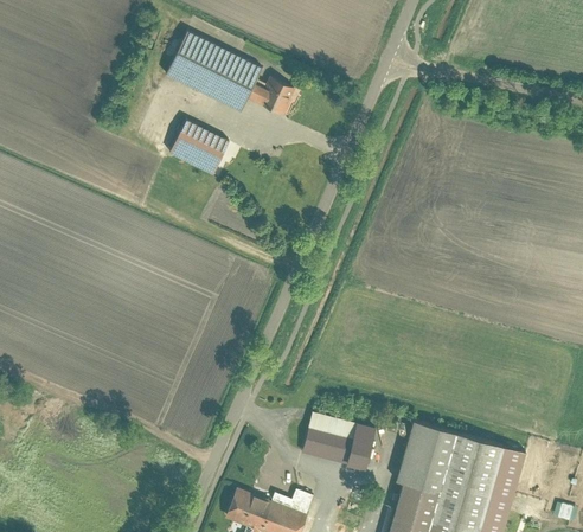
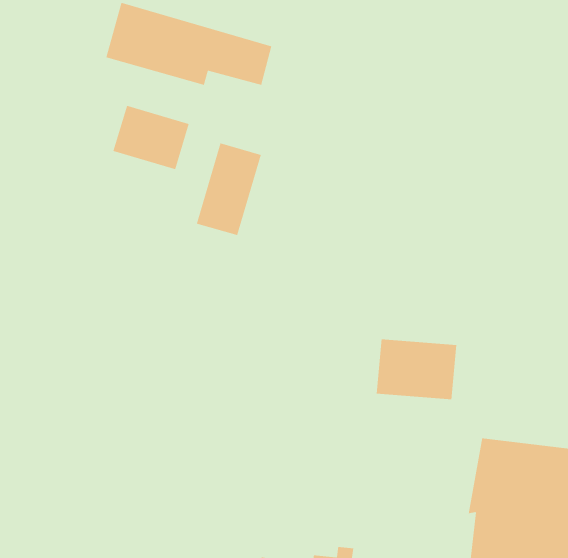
building: none -> [196,143,262,236]
building: [306,411,376,468] -> [376,339,457,400]

